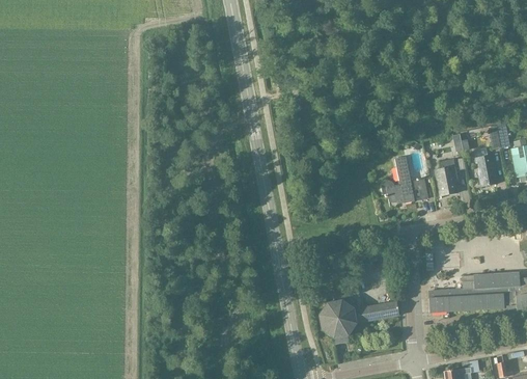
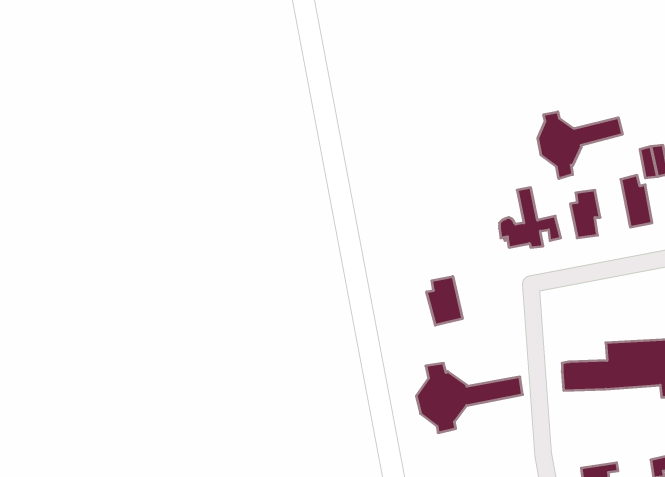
building: none -> [538,112,622,179]
building: none -> [427,276,462,325]

